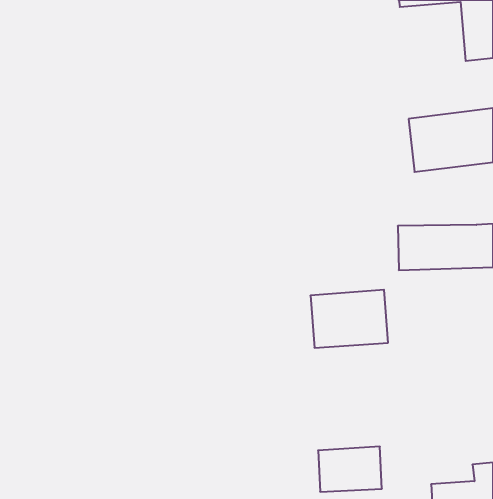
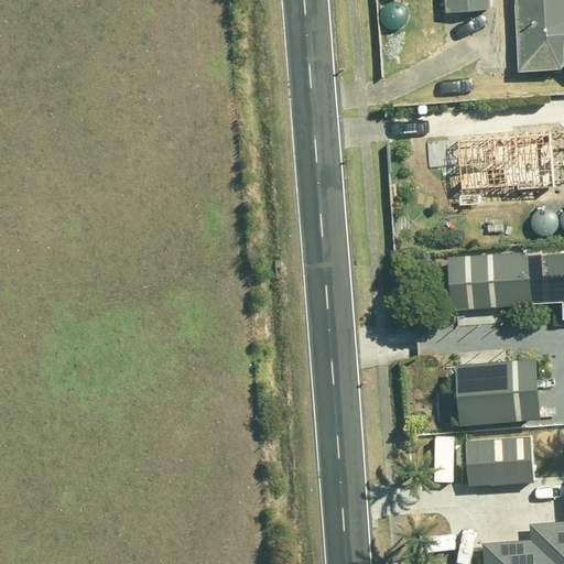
building: [310,290,388,348] -> [459,358,546,423]
building: [318,447,382,492] -> [465,436,536,487]

